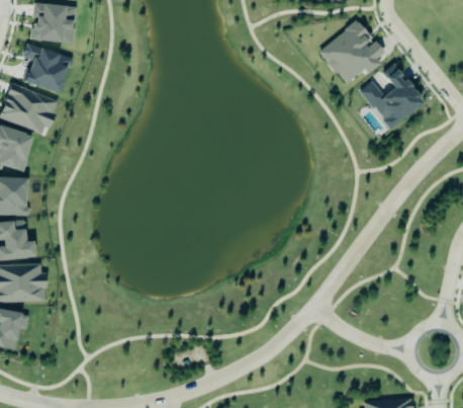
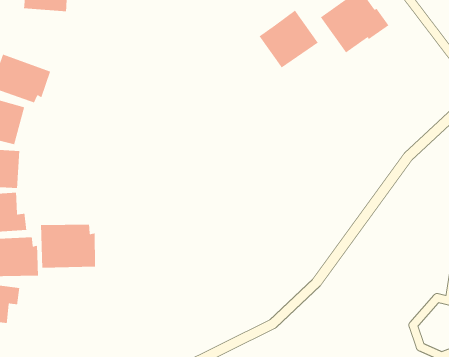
building: none -> [258,9,319,69]
building: [22,44,68,93] -> none
building: [361,64,426,130] -> none
building: none -> [40,224,96,269]

